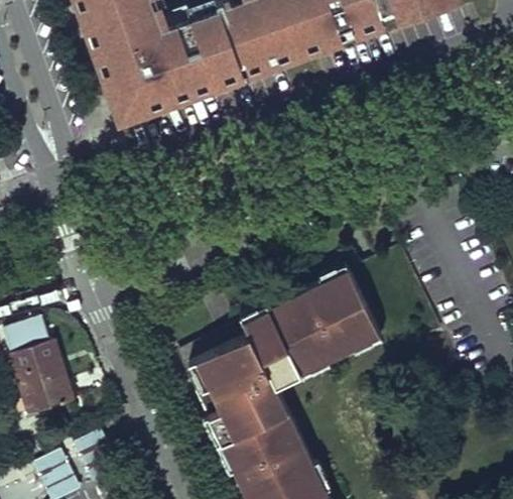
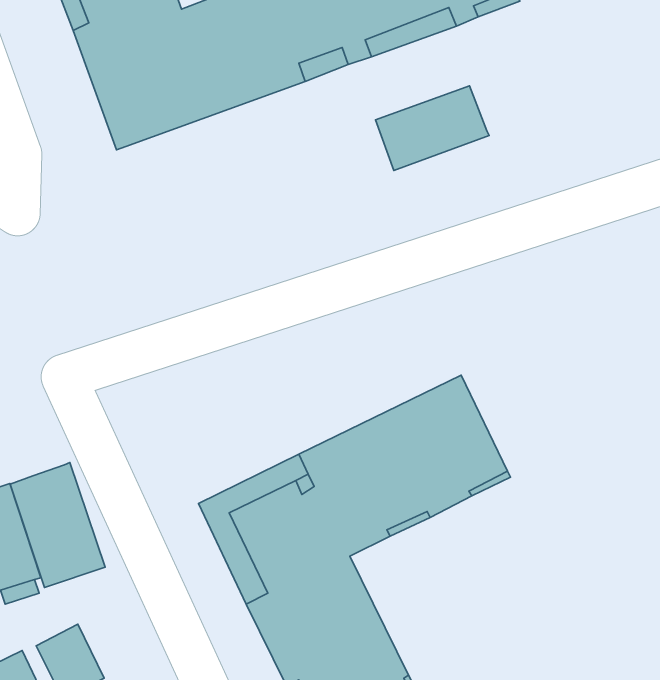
building: none -> [375,86,489,170]
building: none -> [10,462,105,587]

